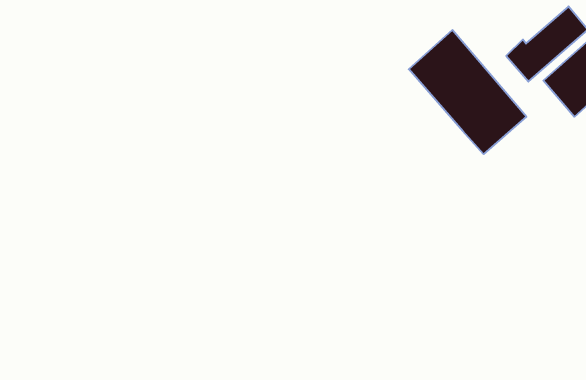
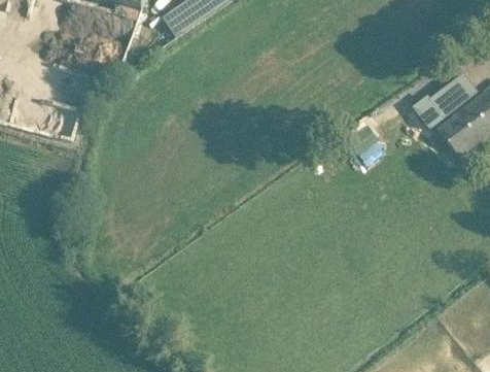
building: [409,30,526,154] -> none

